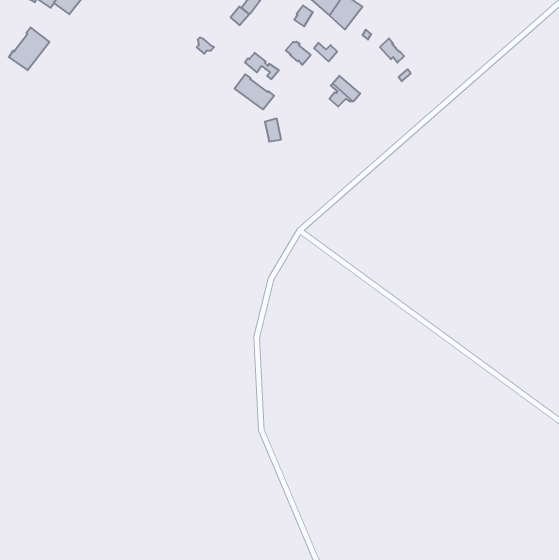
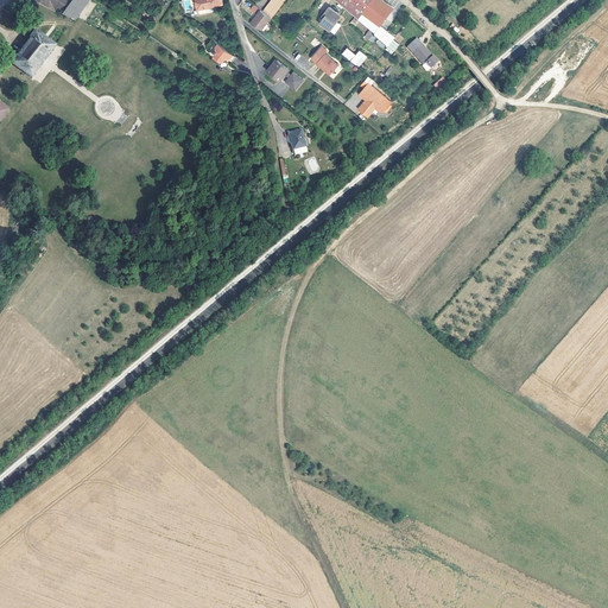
building: [235,74,274,109] -> none

